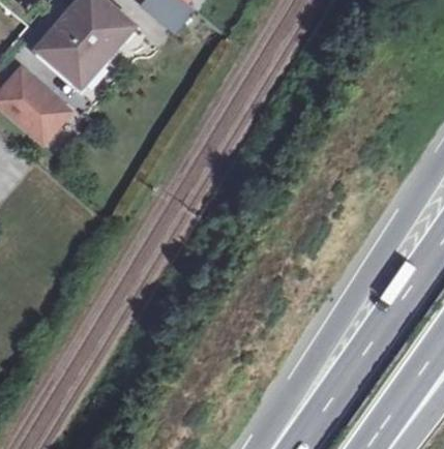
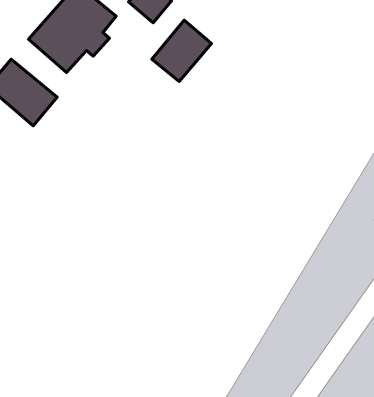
building: none -> [152,20,211,82]

